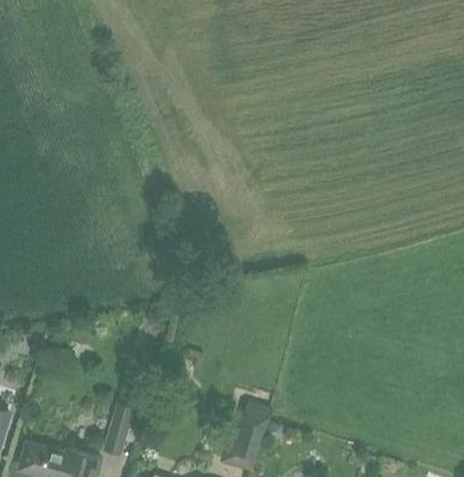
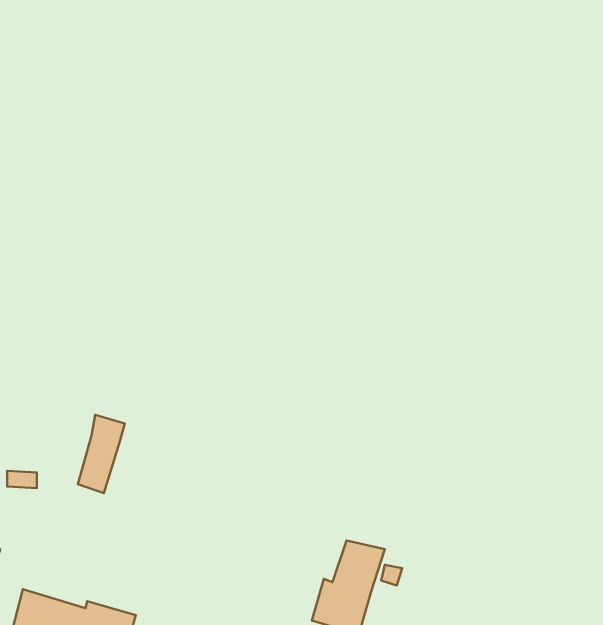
building: [103,403,135,457] -> [78,415,125,493]

